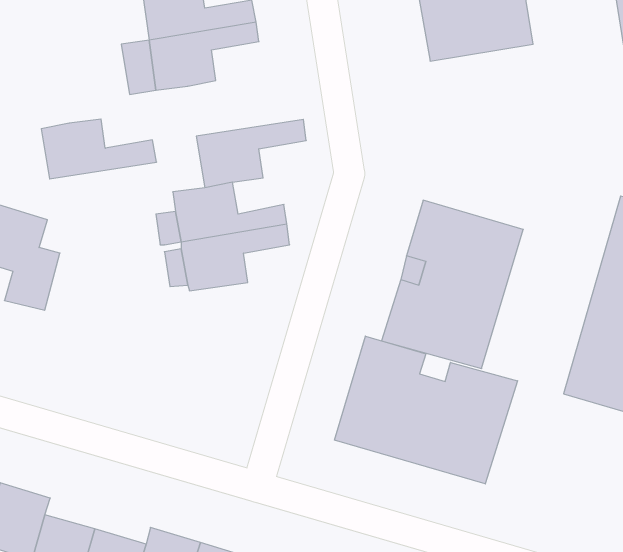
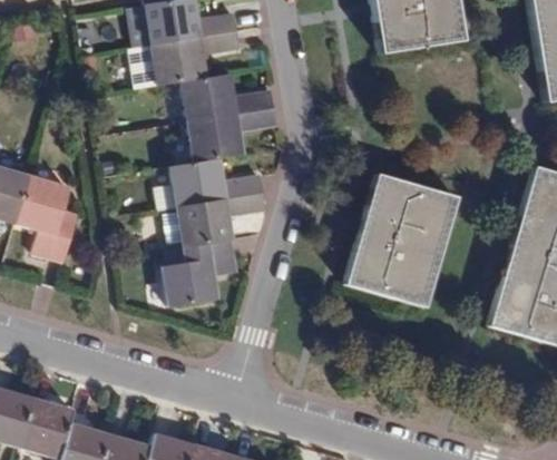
building: [41,119,157,179] -> [185,72,277,120]
building: none -> [166,237,238,304]
building: [334,336,518,484] -> none

